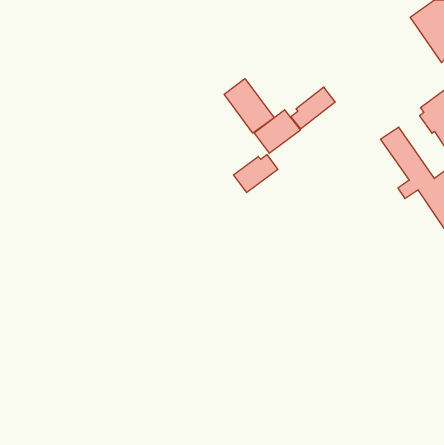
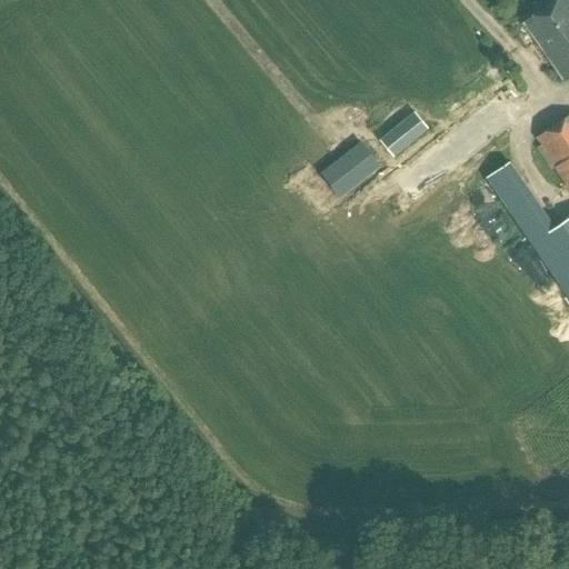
building: [224,79,274,133] -> none
building: [233,155,278,193] -> none

